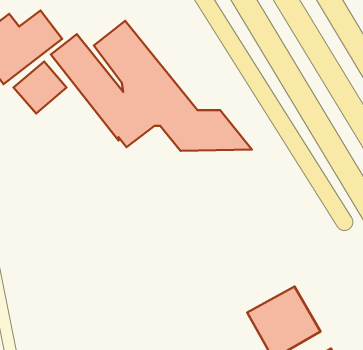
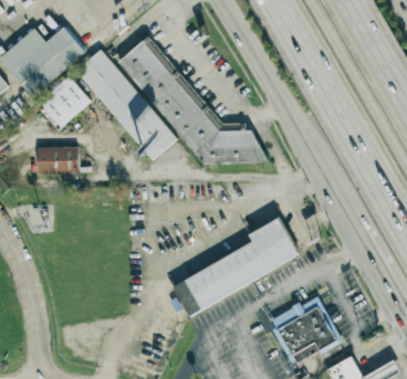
building: none -> [36,146,79,173]
building: none -> [171,218,300,315]

